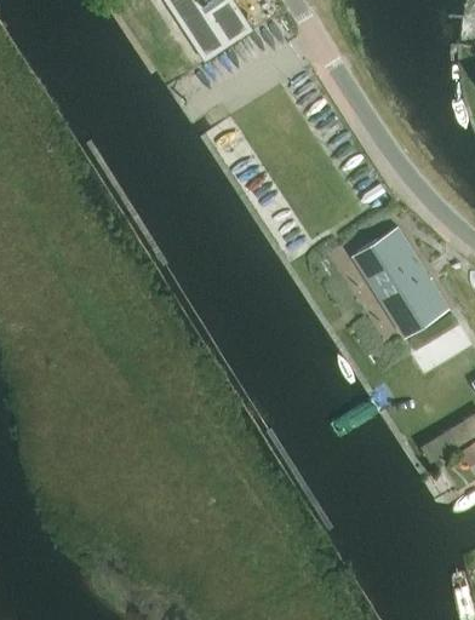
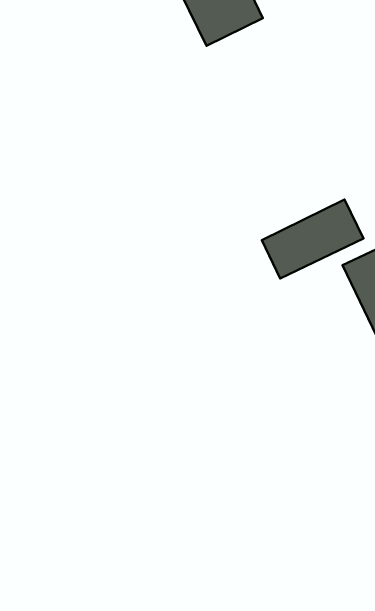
building: none -> [262,200,364,279]

